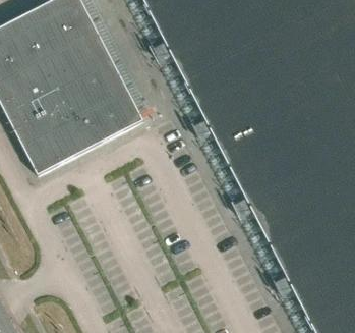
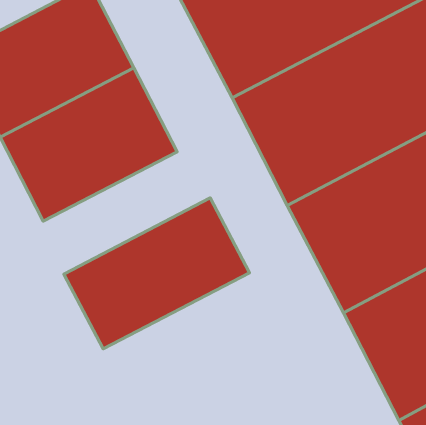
building: none -> [64,198,250,349]

